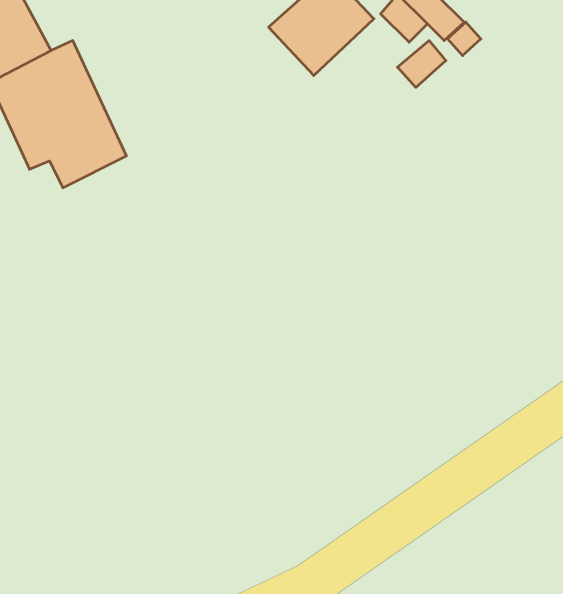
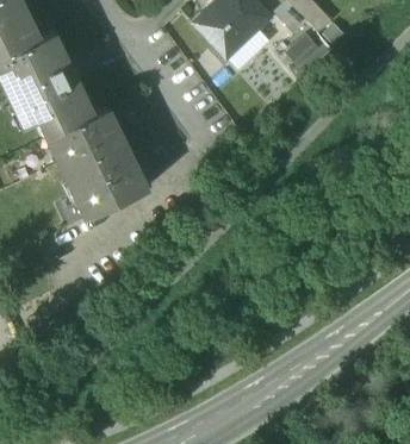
building: none -> [48,108,147,218]

